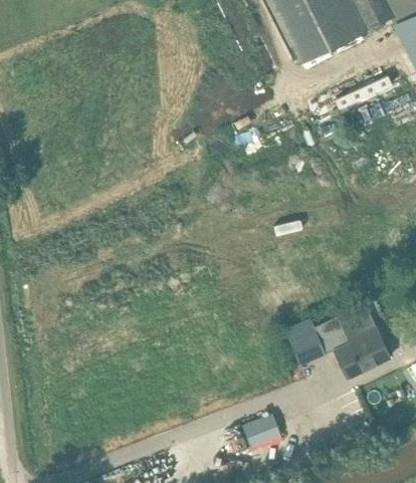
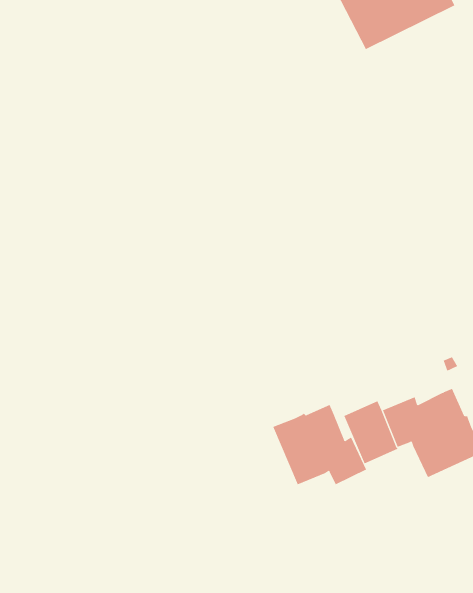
building: none -> [273,404,367,485]
building: [241,413,279,448] -> none

